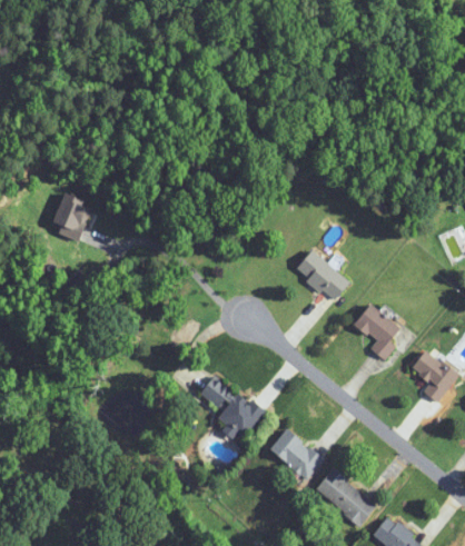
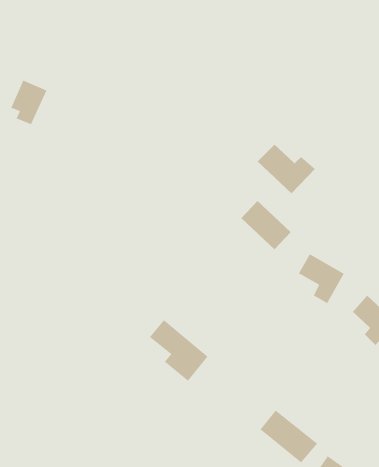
building: none -> [257,144,316,194]
building: [53,192,92,240] -> [10,80,47,125]
building: [269,429,323,479] -> none

